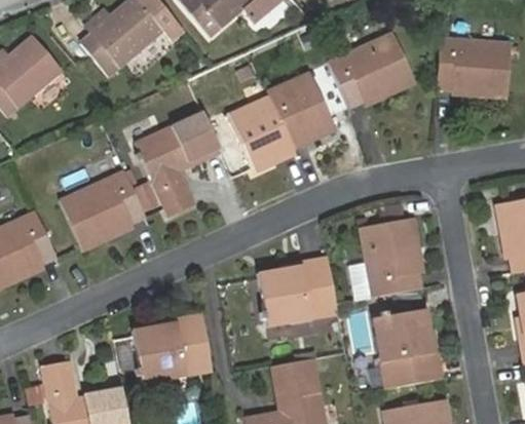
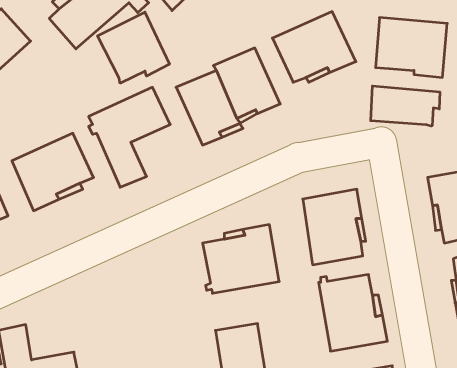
building: none -> [98,12,169,83]
building: none -> [371,86,440,126]
building: [133,314,212,385] -> none

